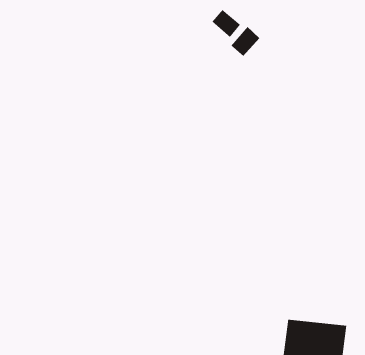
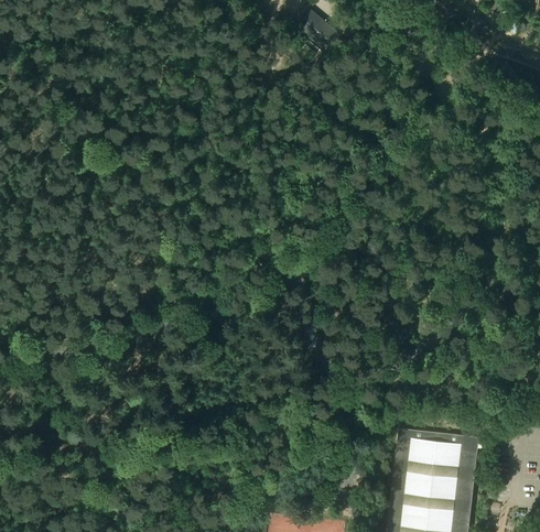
building: [231,26,260,57] -> none

